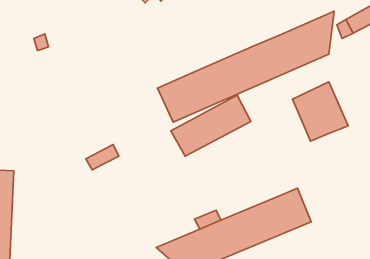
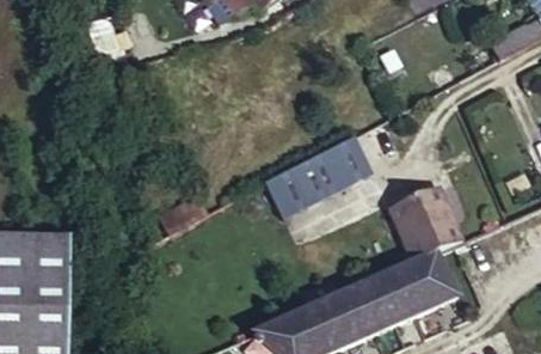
building: [158,11,334,122] -> none
building: [292,82,348,141] -> [393,185,466,263]

